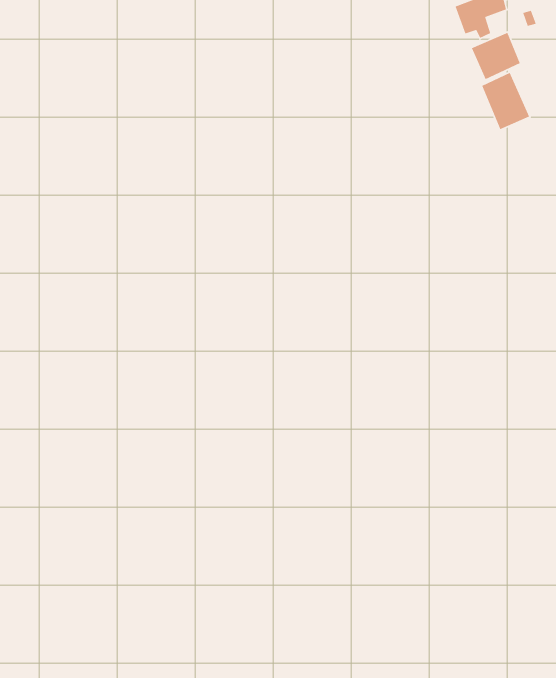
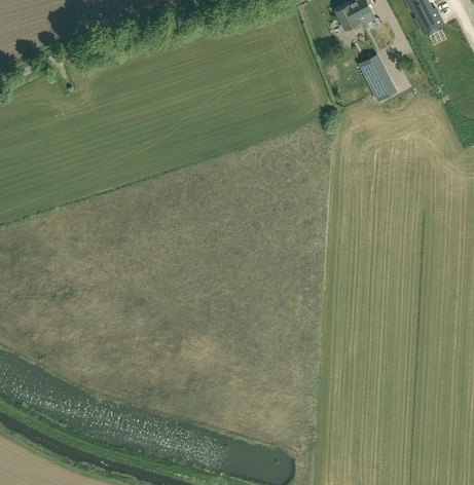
building: [471,32,521,80] -> none

